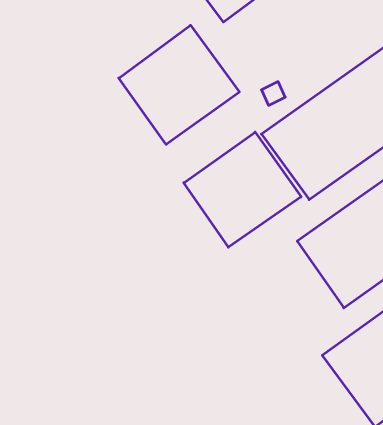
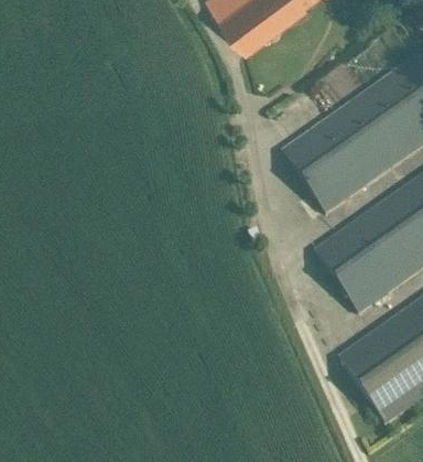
building: [119,25,239,144] -> none
building: [184,132,301,247] -> none

